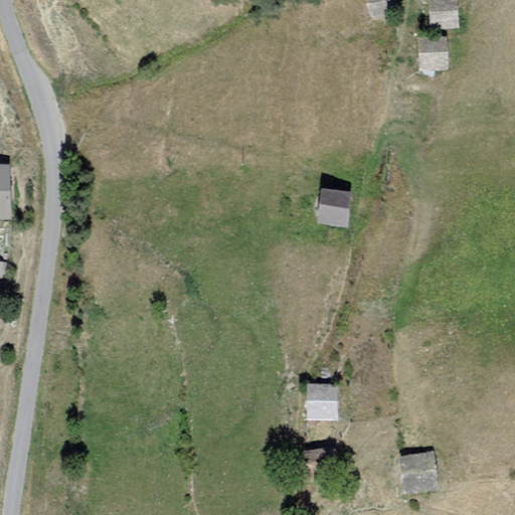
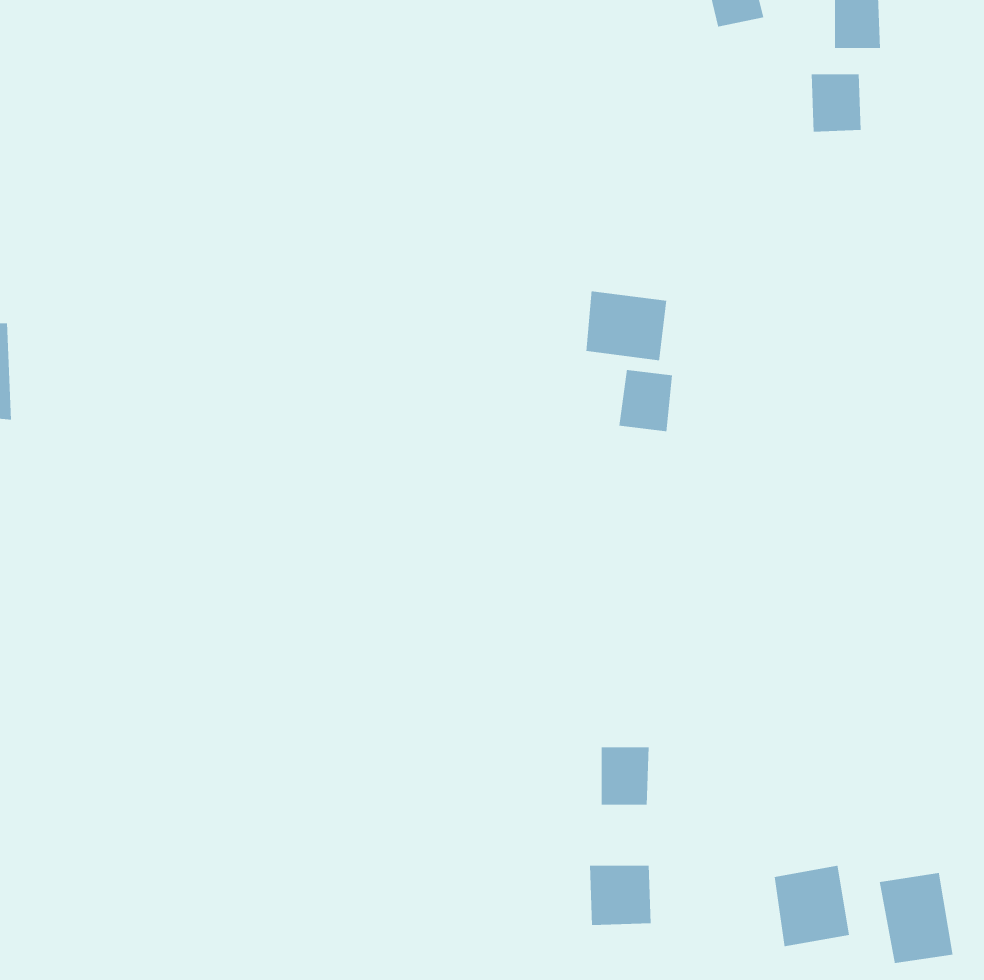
building: none -> [586,290,667,361]
building: none -> [879,872,953,964]

